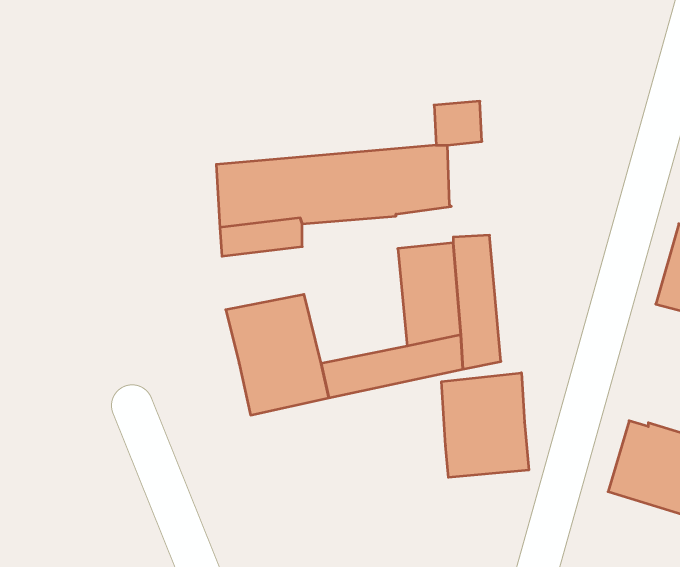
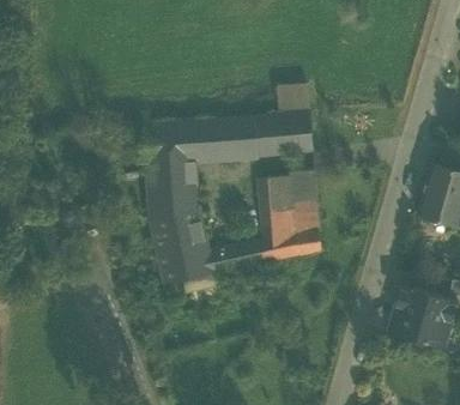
building: none -> [288,113,311,152]
building: none -> [146,179,198,218]
building: [442,373,529,477] -> none

